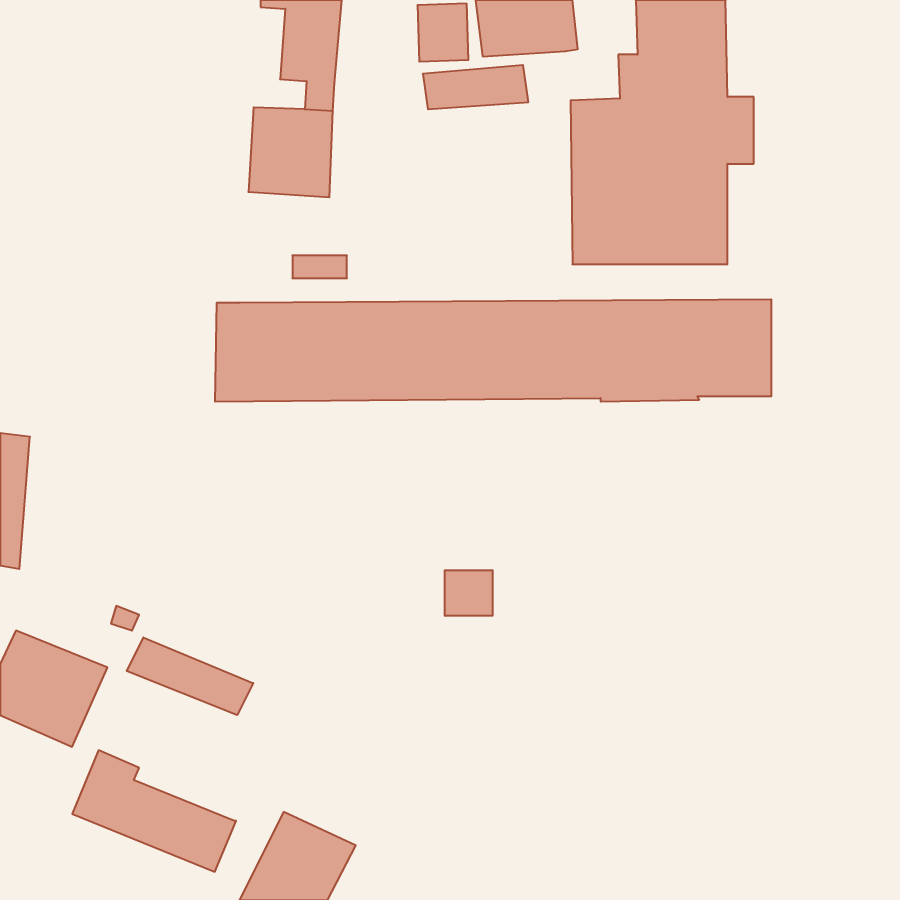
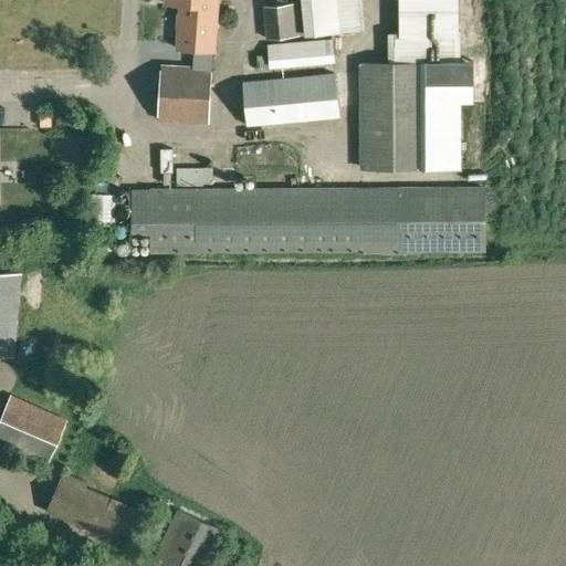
building: none -> [241,75,337,126]
building: [445,570,493,616] -> none
building: [127,637,253,715] -> none

